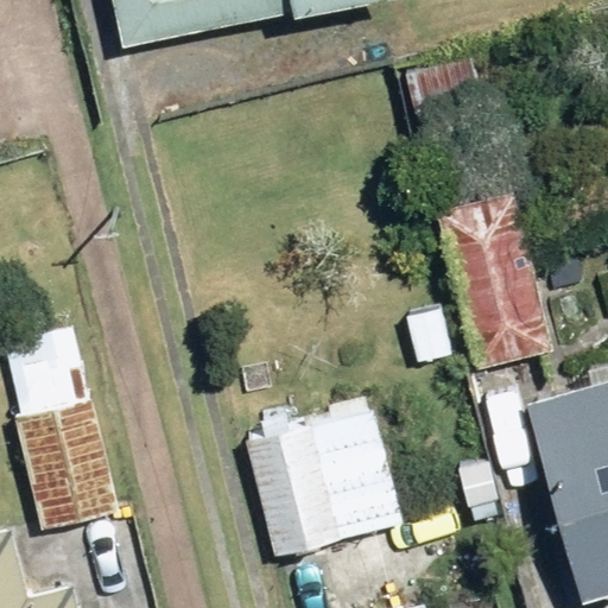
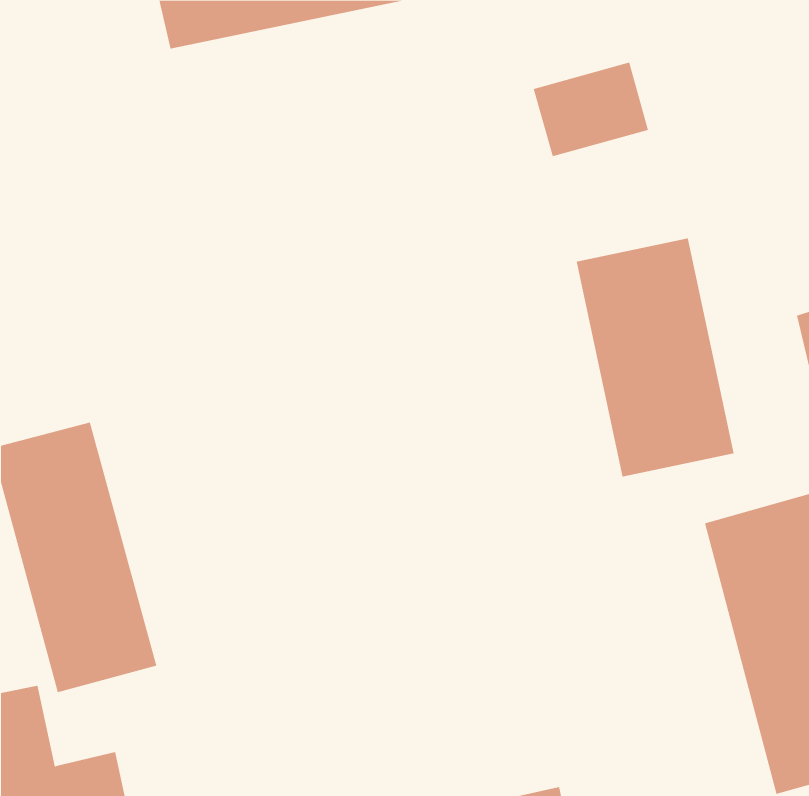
building: [239,394,408,559] -> none

